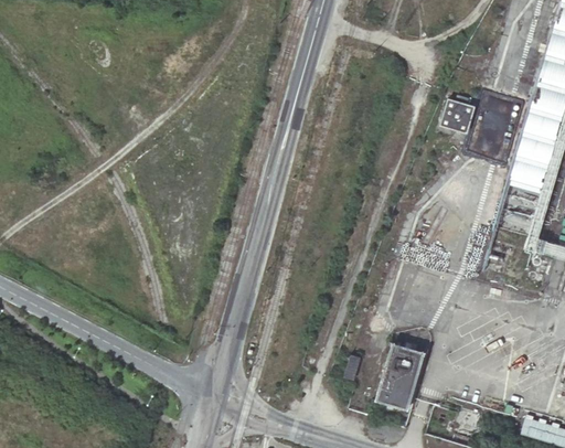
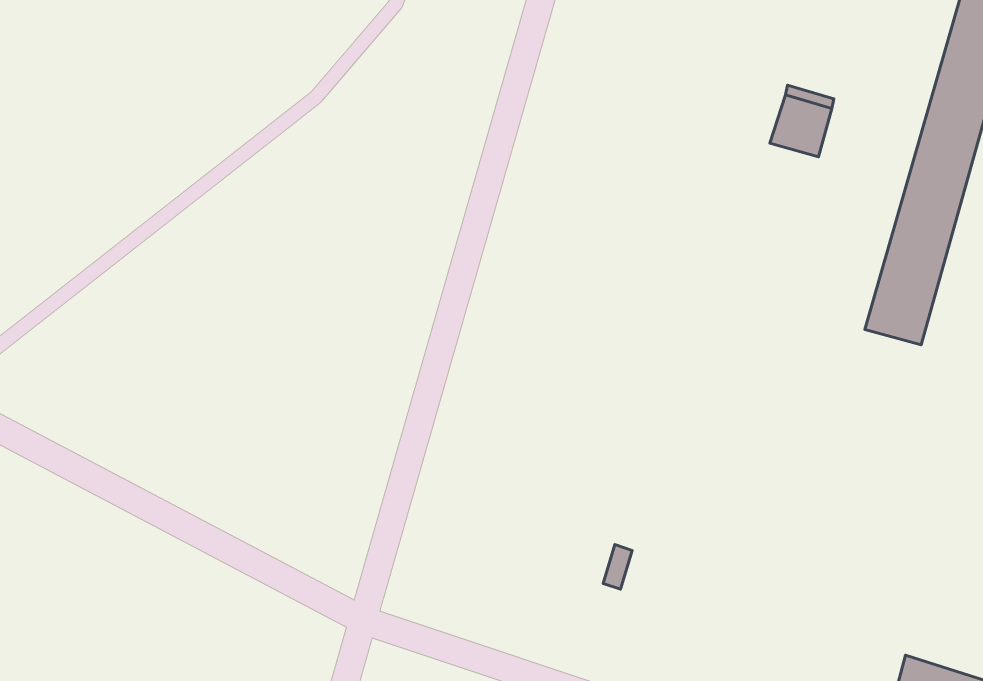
building: [376,342,426,408] -> none

